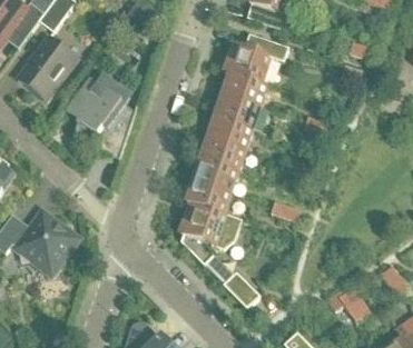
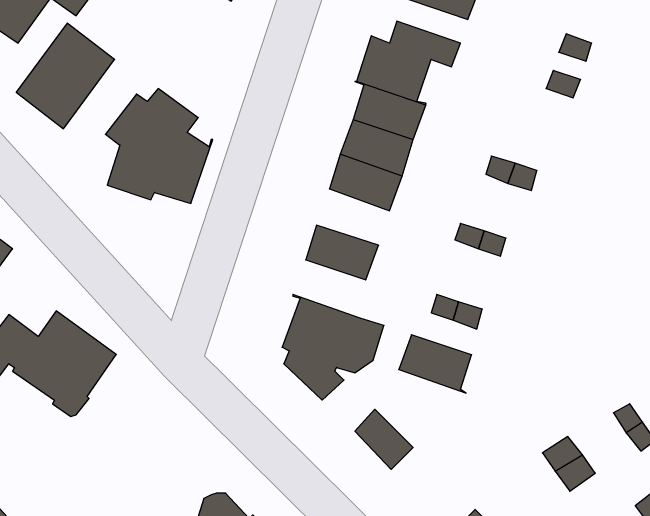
building: [199,136,244,170] -> none
building: [185,179,229,215] -> [399,335,472,393]

